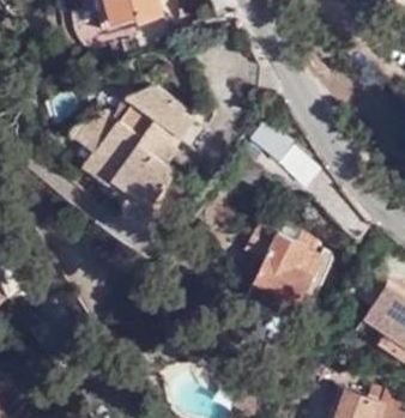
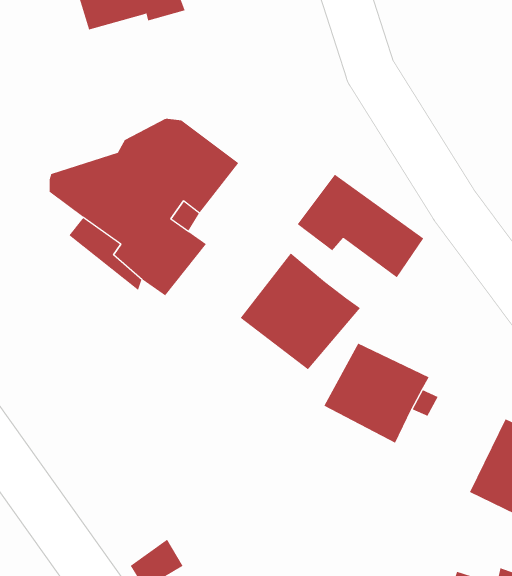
building: none -> [240,252,361,370]

